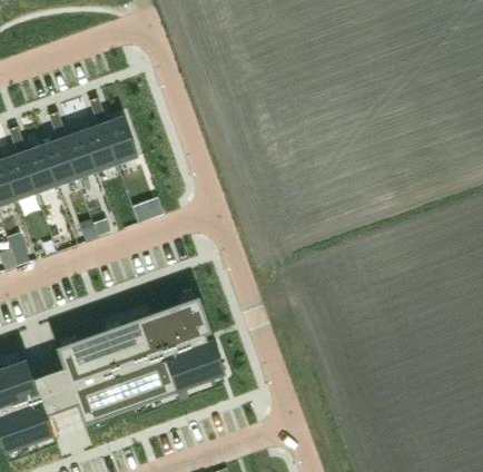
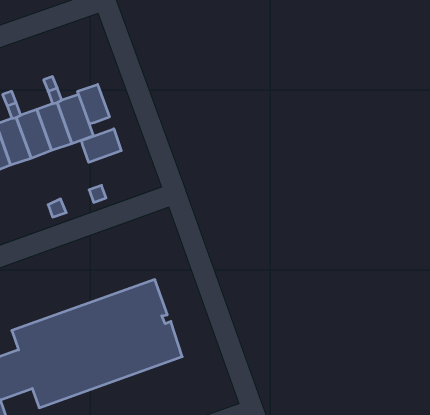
building: none -> [78,84,109,124]
building: none -> [81,129,121,162]

